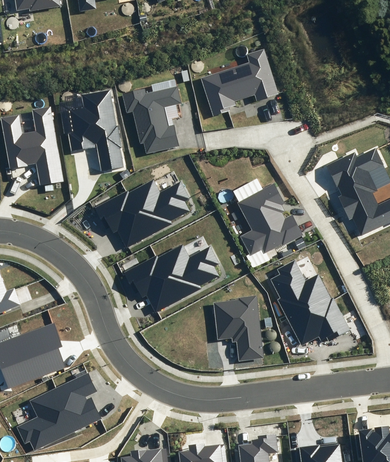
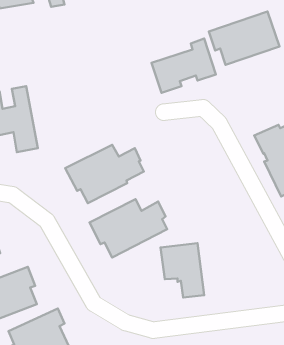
building: none -> [209,12,280,65]
building: [123,87,181,154] -> none
building: [68,90,124,170] -> none
building: [237,182,302,255] -> none
building: [270,261,349,346] -> none

